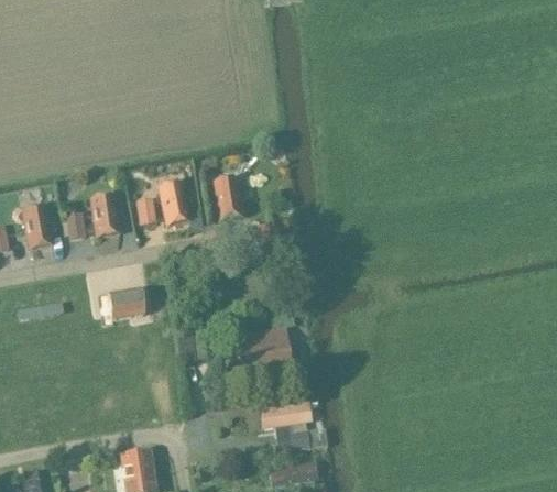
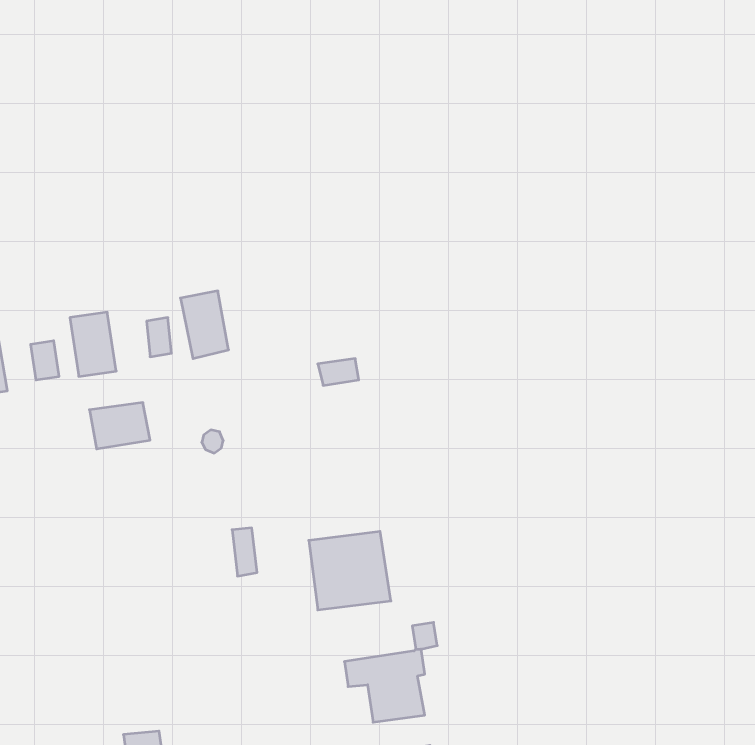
building: [214,177,243,218] -> none
building: [109,289,146,318] -> [89,403,150,449]

